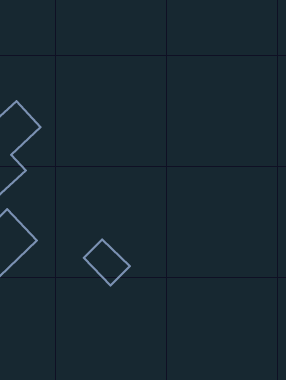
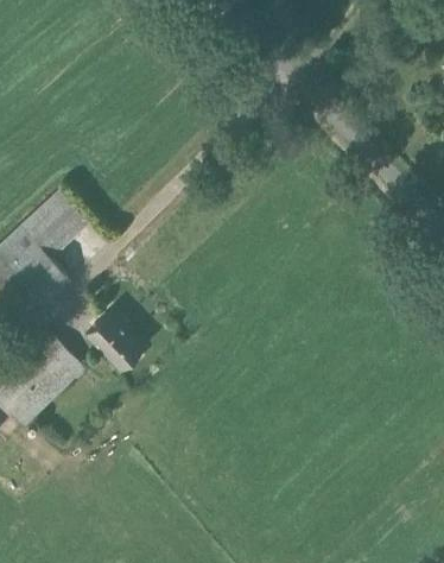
building: [84,239,130,286] -> [85,311,145,371]

